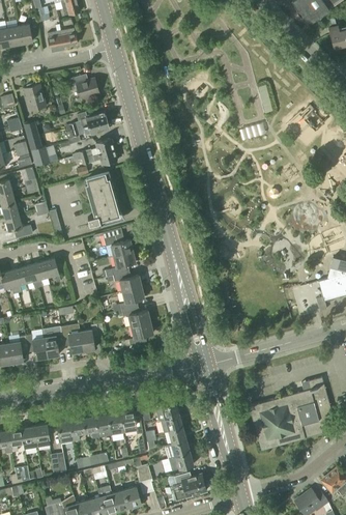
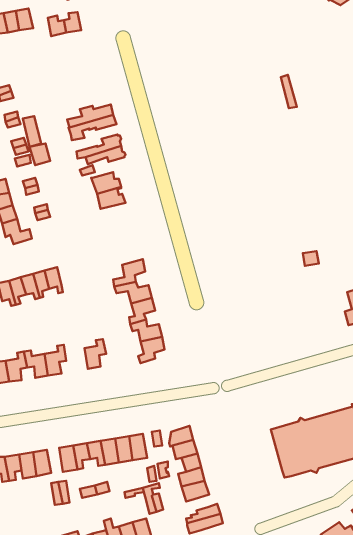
building: [70,74,99,98] -> none
building: [25,84,47,111] -> none
building: [88,200,124,228] -> none
building: [103,227,136,257] -> none
building: [62,325,84,352] -> none

